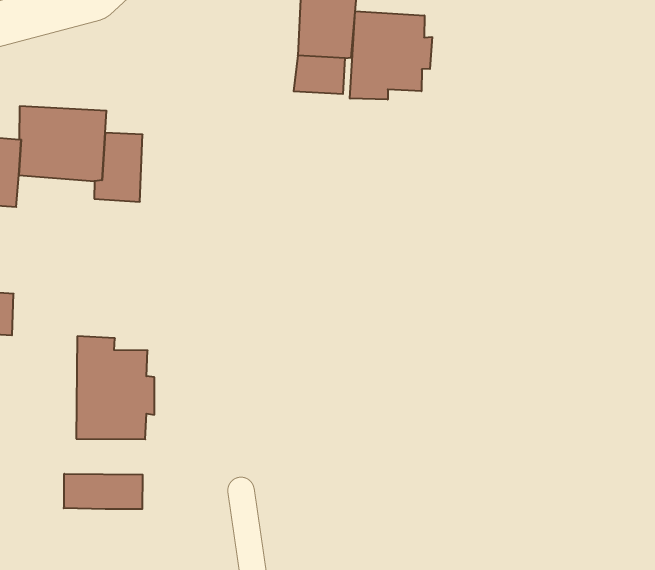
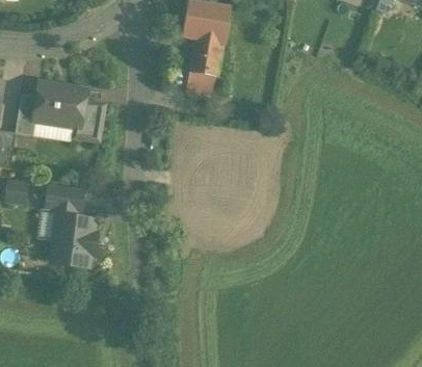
building: [350,11,432,100] -> none
building: none -> [46,185,81,211]
building: [64,474,143,509] -> none

